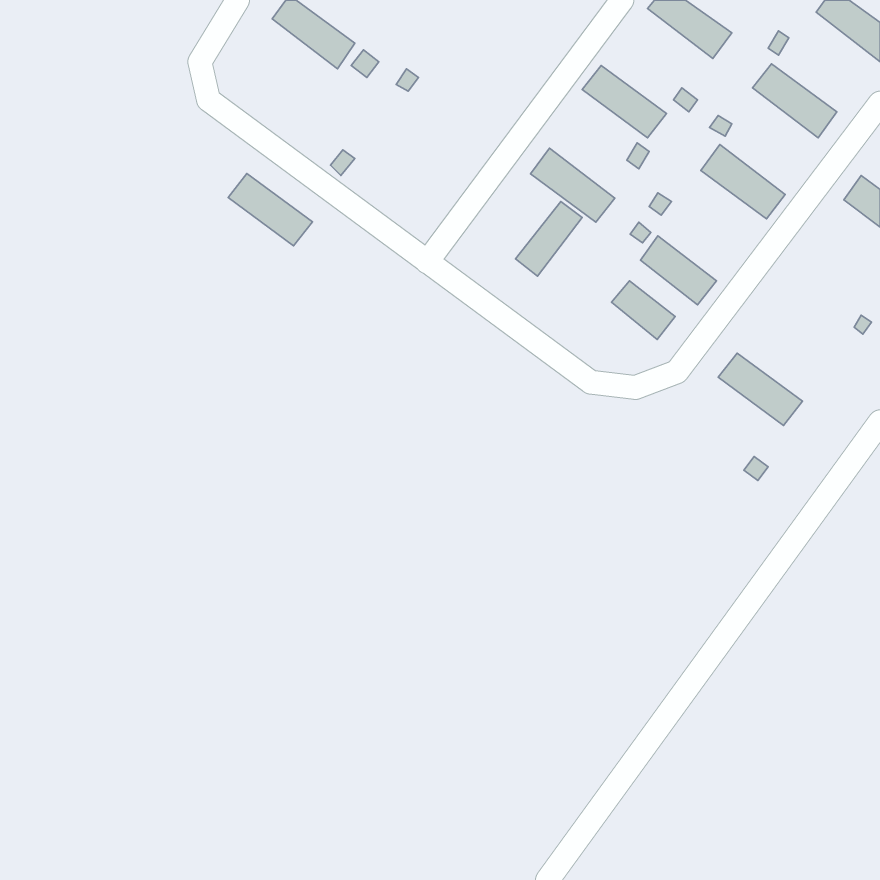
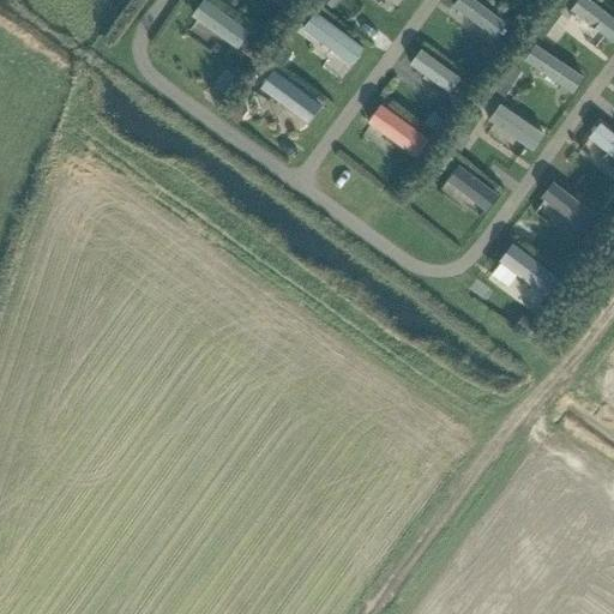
building: none -> [302,11,361,61]
building: [228,174,312,246] -> [259,70,318,120]
building: [516,202,582,276] -> none
building: none -> [540,181,597,231]
building: [612,281,675,339] -> none

